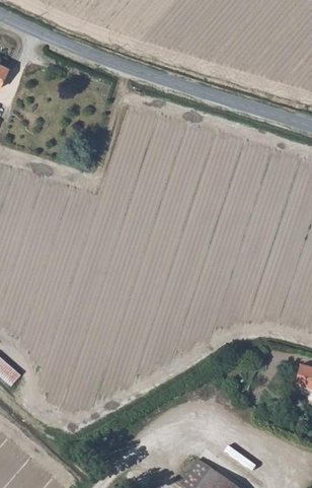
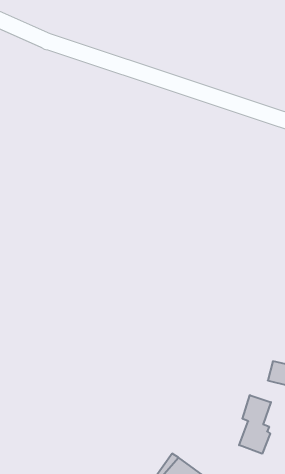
building: none -> [239,395,271,454]

